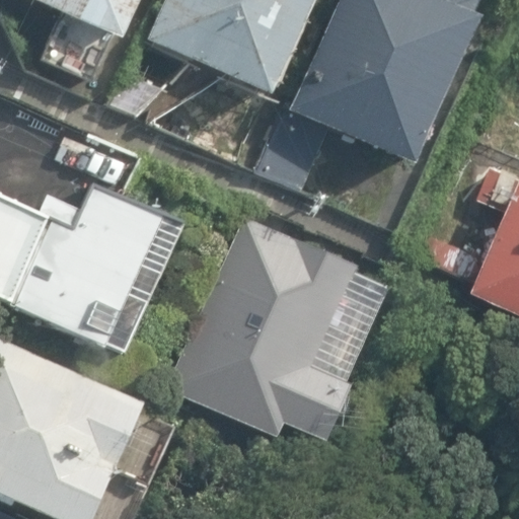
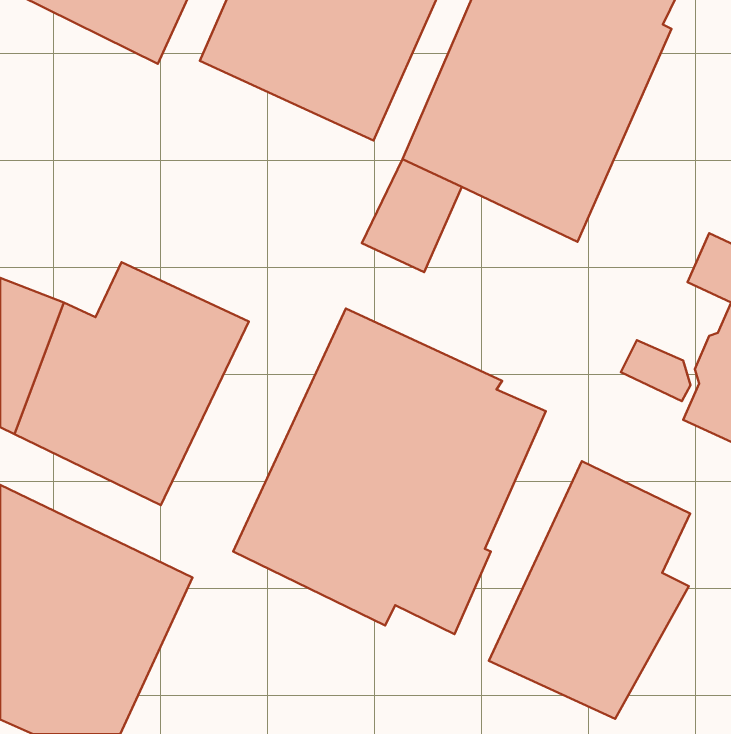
building: none -> [489,461,690,719]

